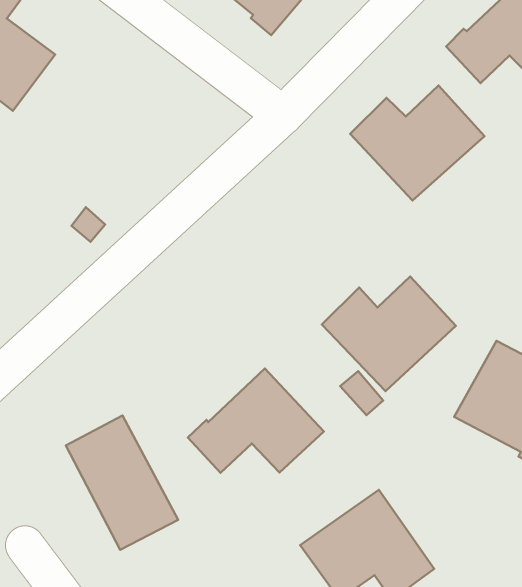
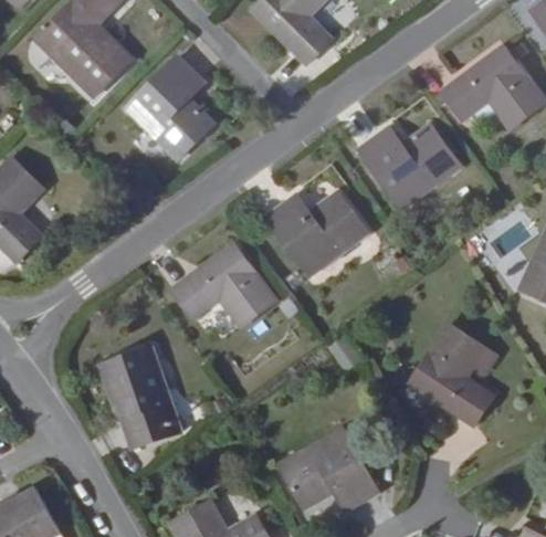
building: none -> [125,56,217,160]
building: [322,277,456,391] -> [261,189,366,276]
building: [188,368,324,473] -> [169,243,276,326]

